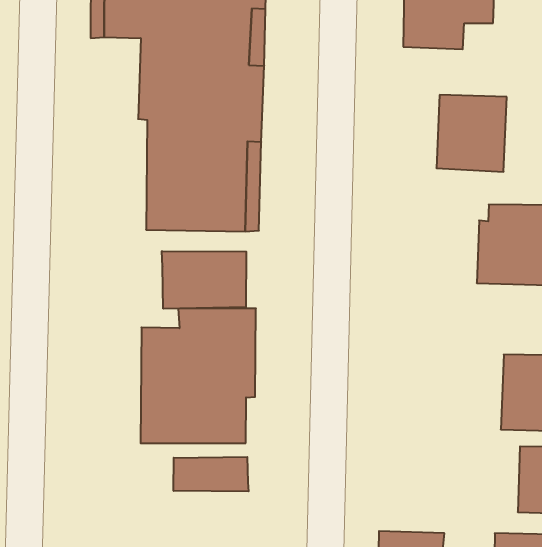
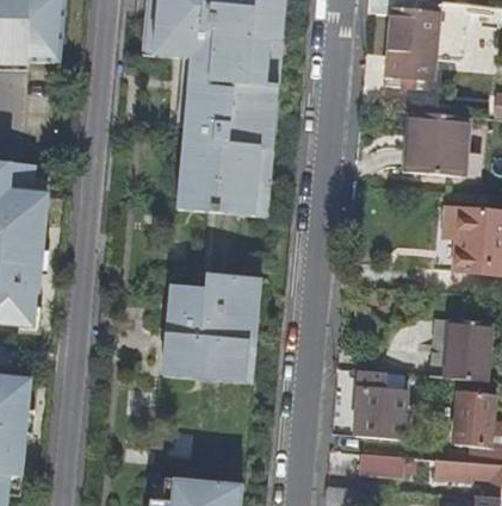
building: [162,251,246,309] -> none
building: none -> [355,374,405,443]
building: [174,457,249,491] -> none

